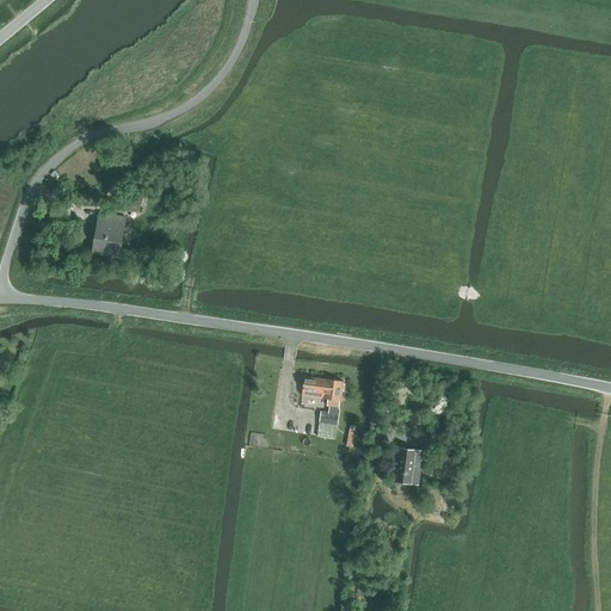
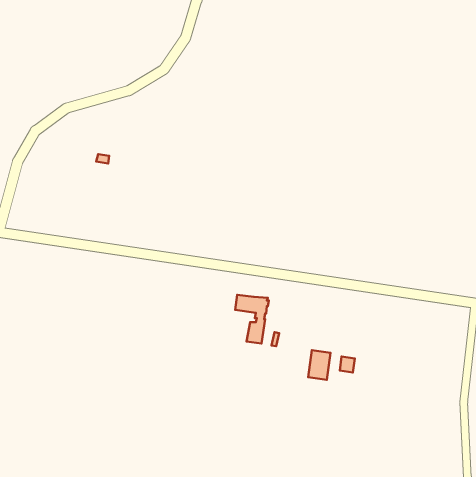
building: [92,215,125,253] -> none

